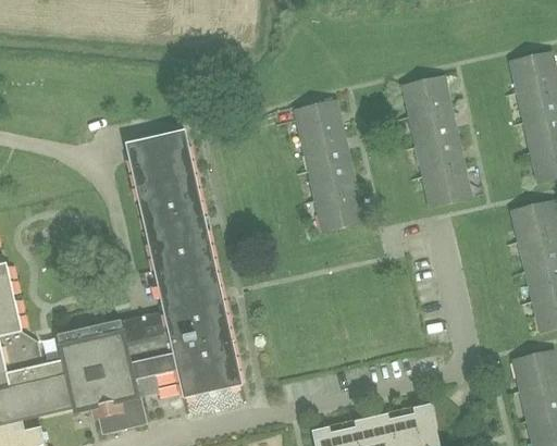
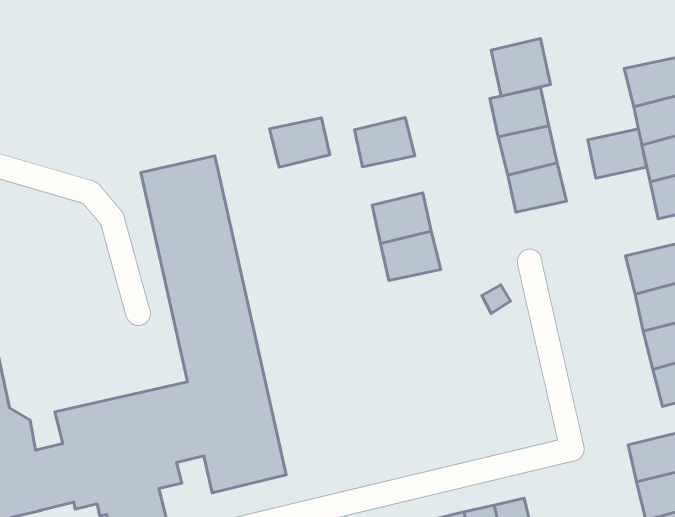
building: none -> [491,38,551,96]
building: [302,131,350,170] -> [270,118,330,167]
building: [424,166,471,206] -> [588,129,647,178]

